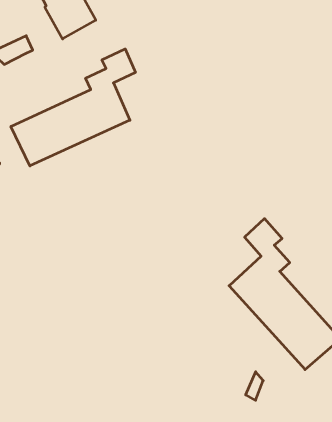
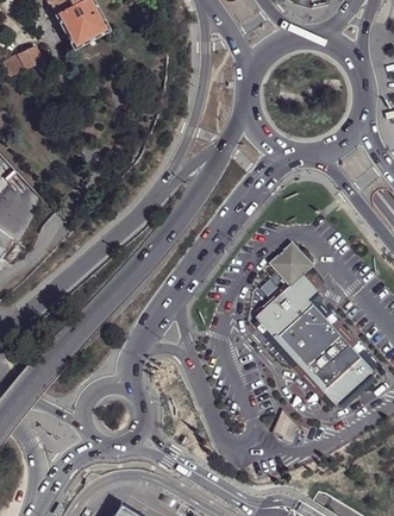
building: [11,49,135,166] -> none

